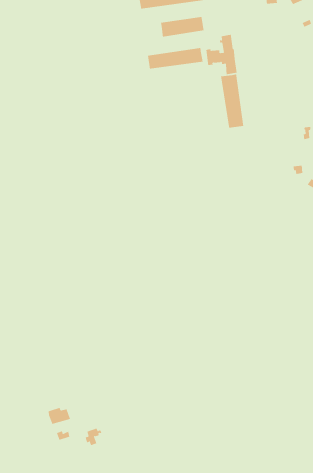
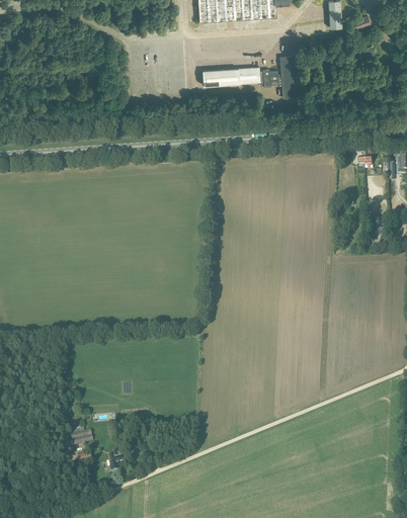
building: [160,16,204,38] -> none
building: [220,73,244,128] -> none

